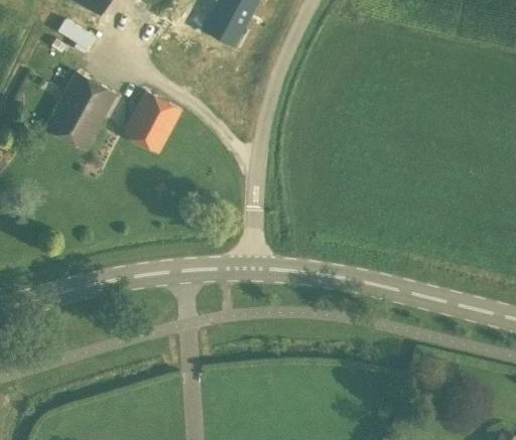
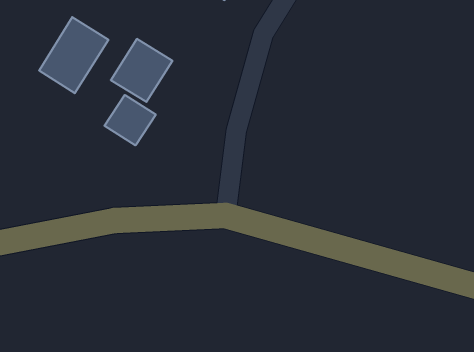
building: none -> [104,95,156,145]

